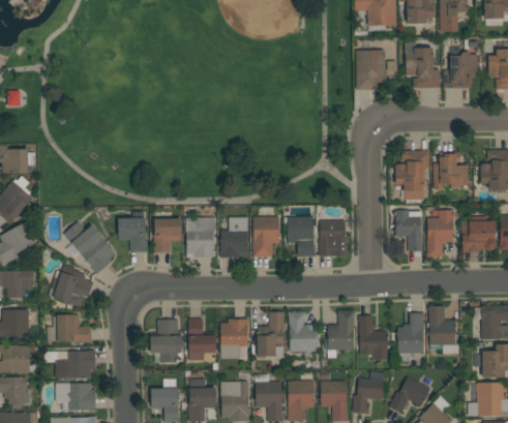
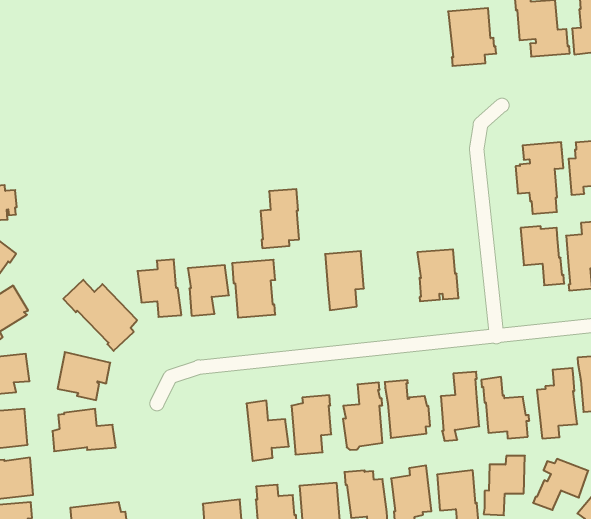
building: [220,217,248,258] -> [261,189,299,248]
building: [283,217,316,256] -> none
building: [150,320,182,363] -> none
building: [55,351,95,380] -> none

